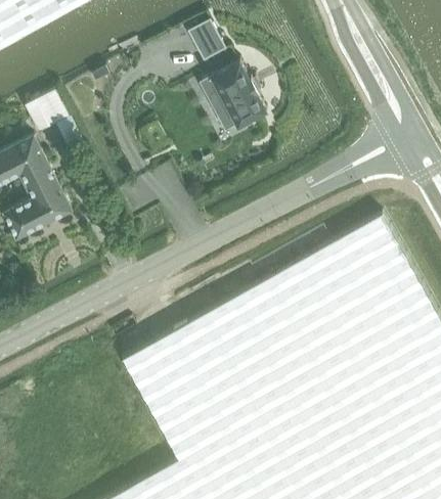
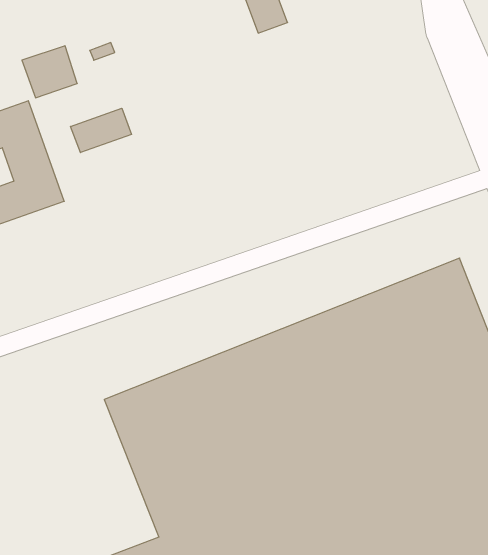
building: [208,61,267,128] -> none
building: none -> [71,108,131,153]

